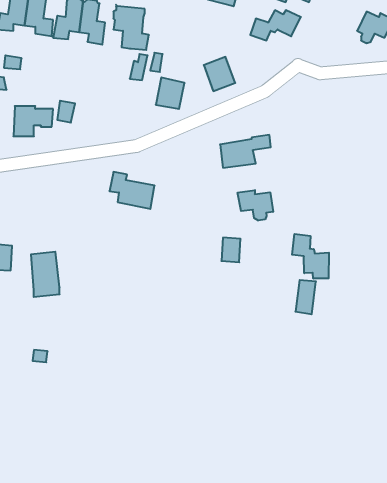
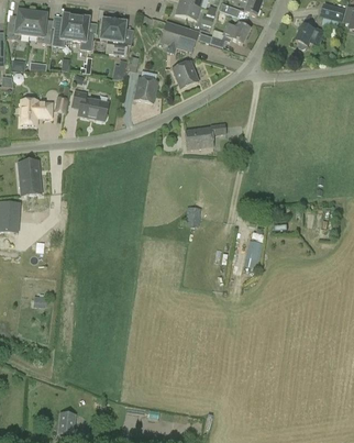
building: none -> [159,21,197,52]
building: [109,172,155,209] -> [70,90,107,120]
building: [238,190,273,221] -> none
building: [292,234,329,279] -> none
building: [31,252,60,297] -> [18,159,41,196]

